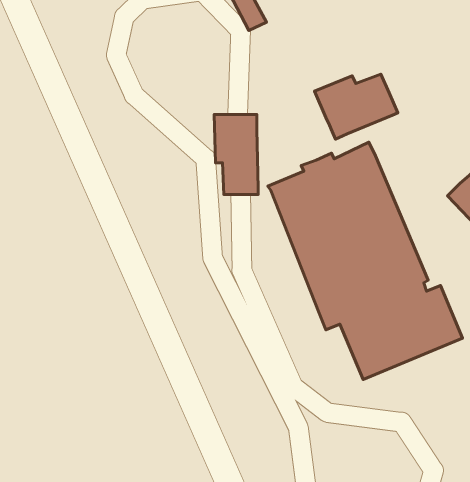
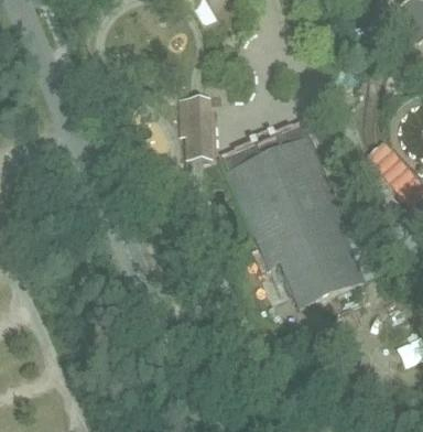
building: [314,74,398,139] -> none

